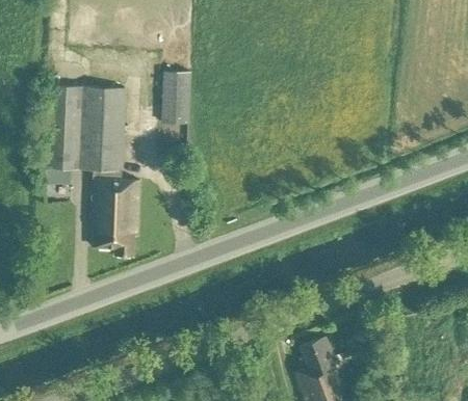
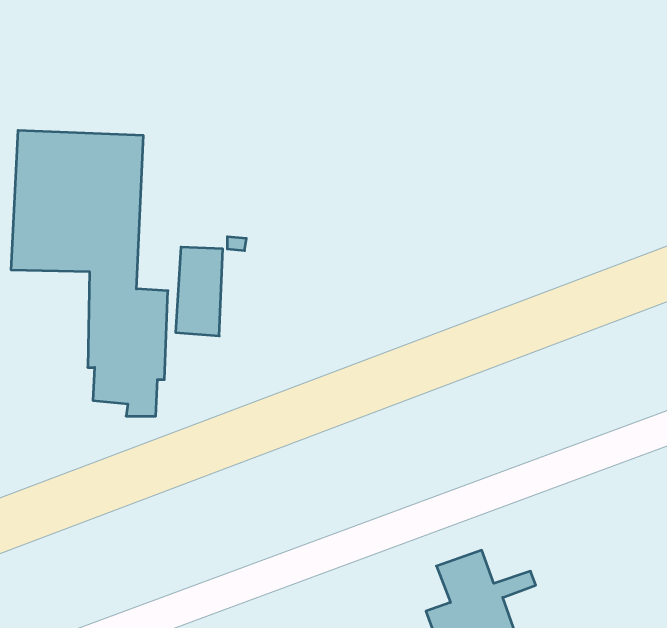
building: [162,72,190,125] -> [176,247,223,336]

